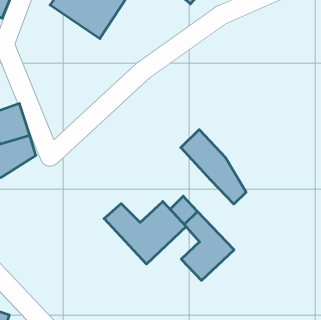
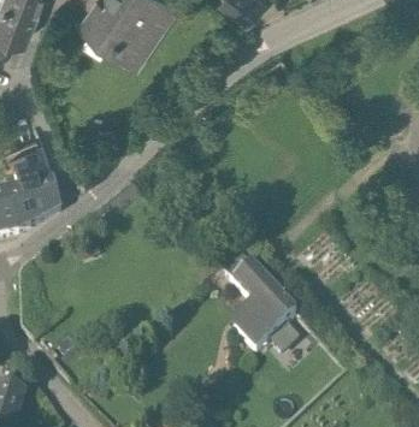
building: [181,130,246,204] -> none
building: [104,201,186,264] -> none

